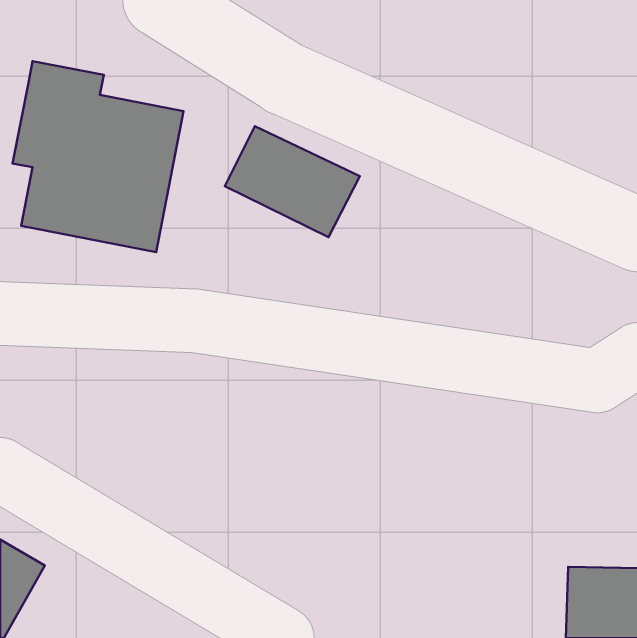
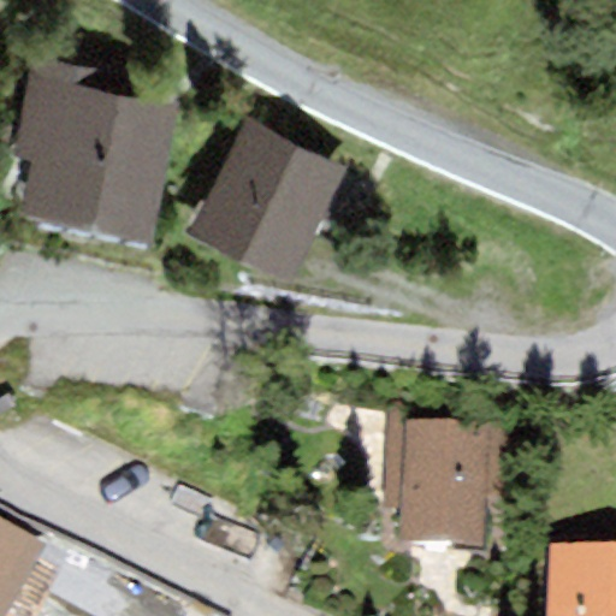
building: none -> [192,179,318,282]
building: none -> [383,408,507,544]

